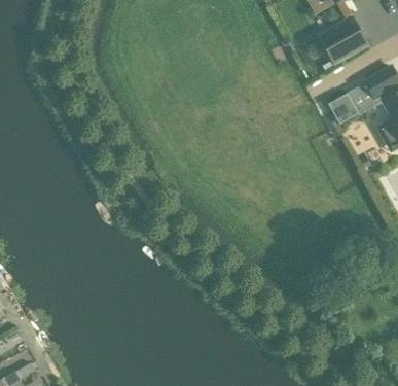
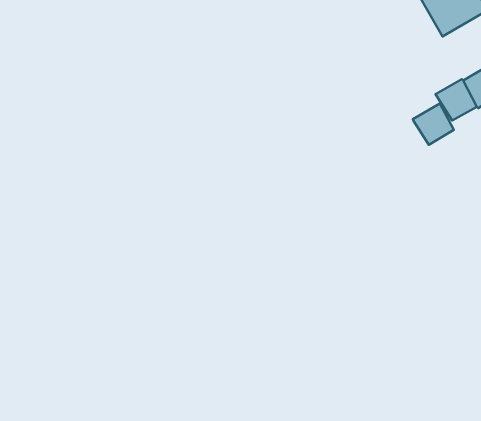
building: none -> [413,103,454,145]

